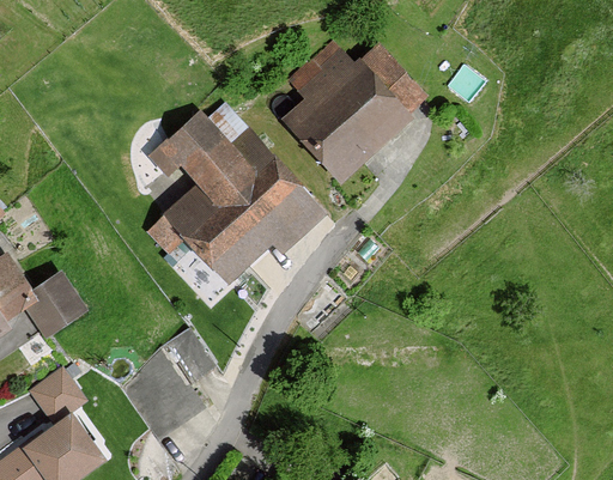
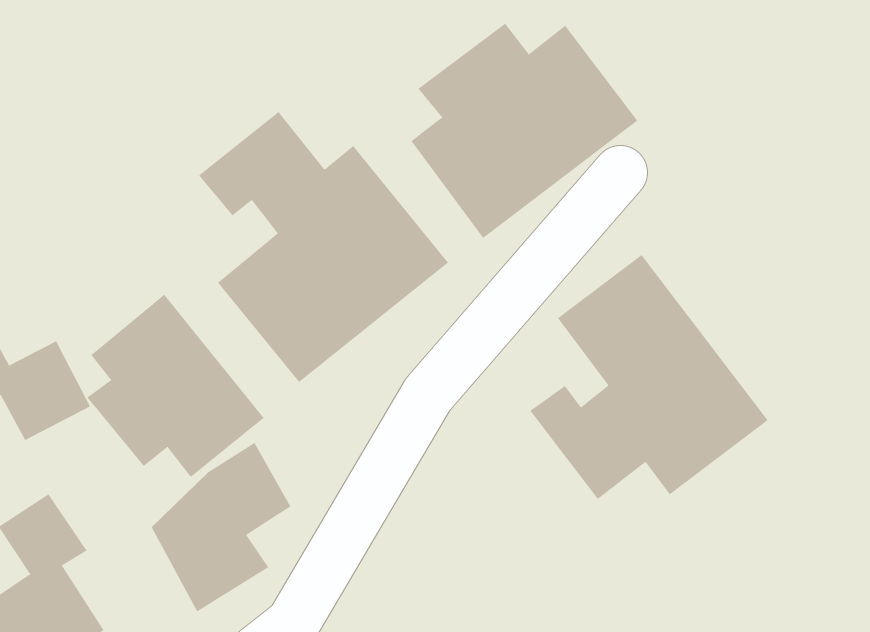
building: none -> [530,254,768,500]
building: none -> [87,294,265,478]

